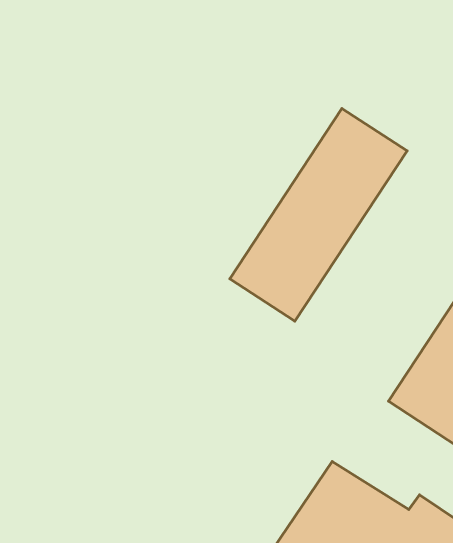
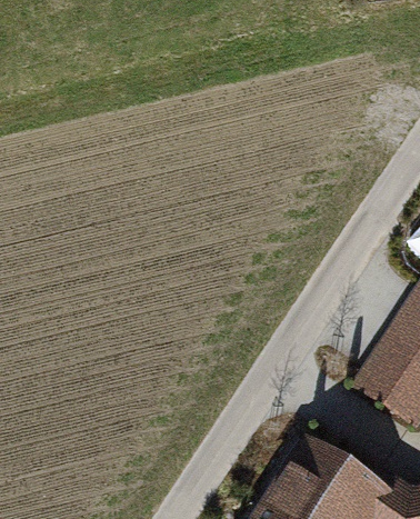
building: [230,108,407,321] -> none

